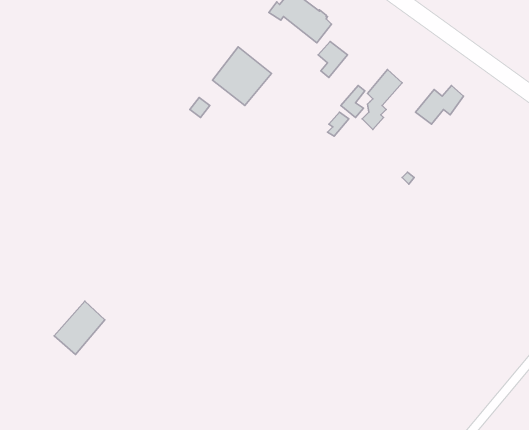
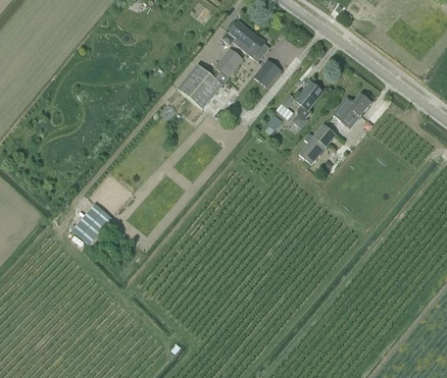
building: none -> [214,48,242,76]
building: none -> [298,122,336,164]
building: [54,301,105,354] -> [71,202,110,242]

